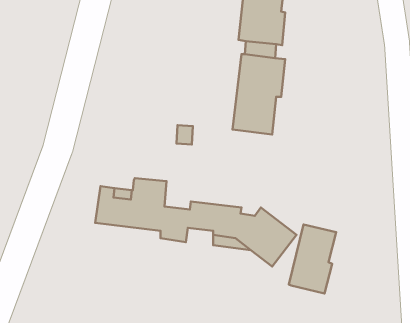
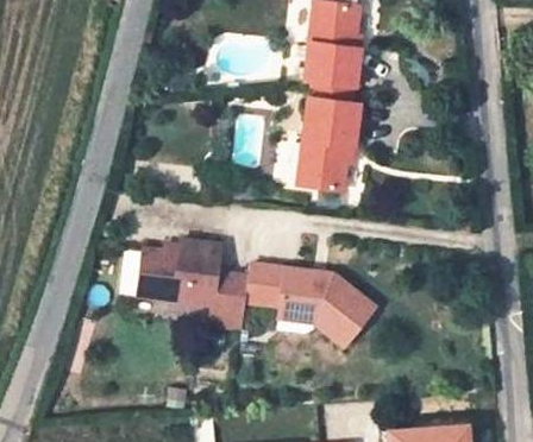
building: [289,224,336,294] -> none

